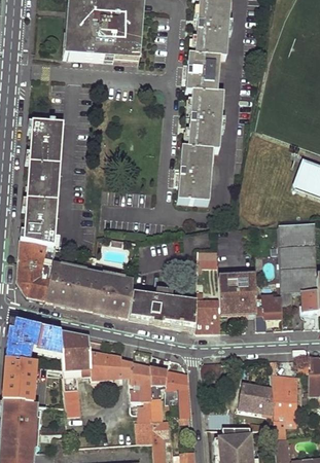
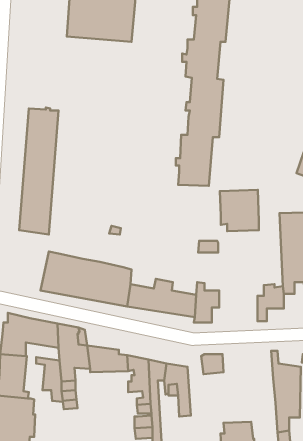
building: [15,240,56,298] -> none
building: [217,274,255,314] -> [220,190,259,231]
building: [240,381,273,407] -> none

